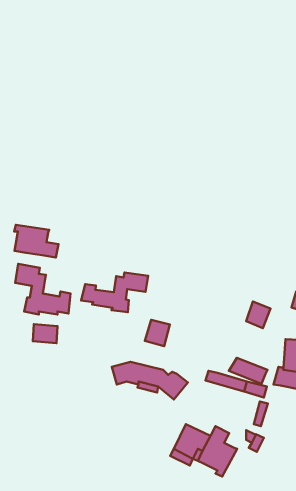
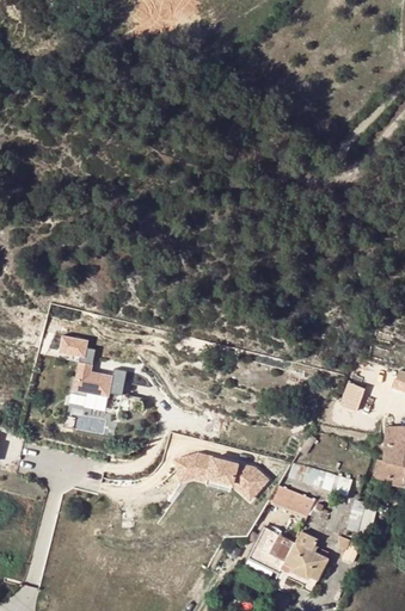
building: [14,225,58,257] -> none
building: [81,273,148,312] -> none
building: [145,320,170,346] -> none
building: [229,358,267,384] -> [269,487,315,518]

